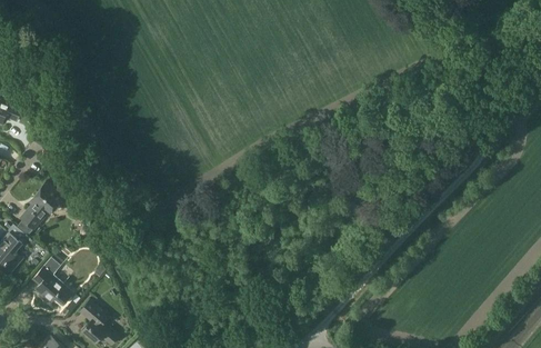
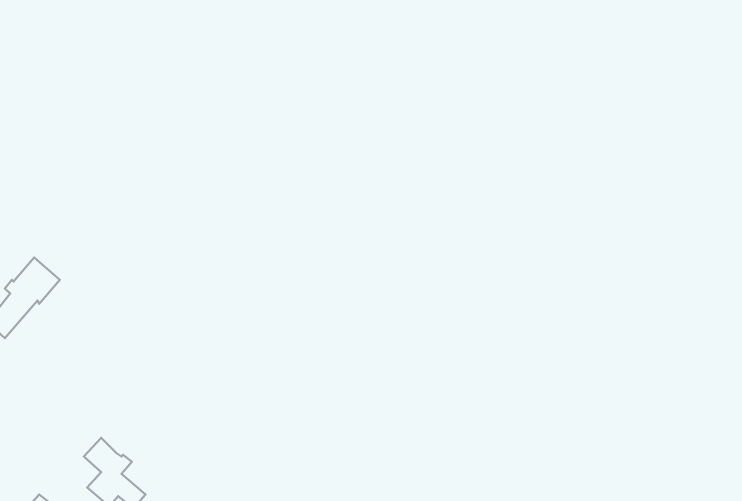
building: [32,257,72,304] -> none

